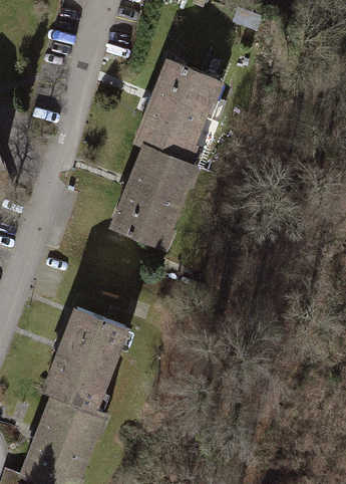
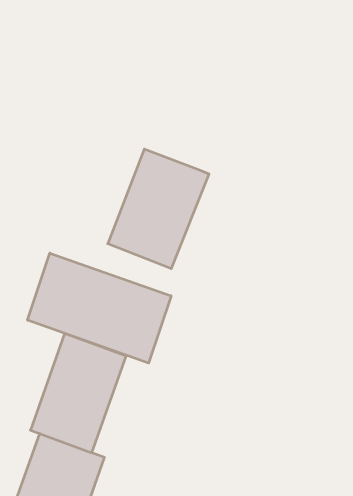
building: [134,57,226,164] -> none
building: none -> [28,253,171,363]

